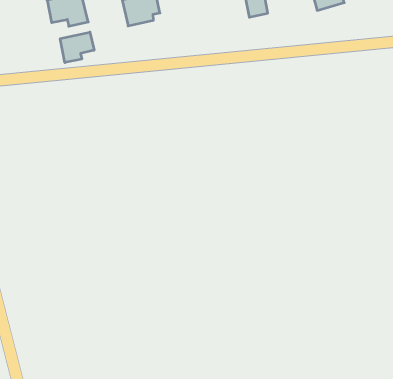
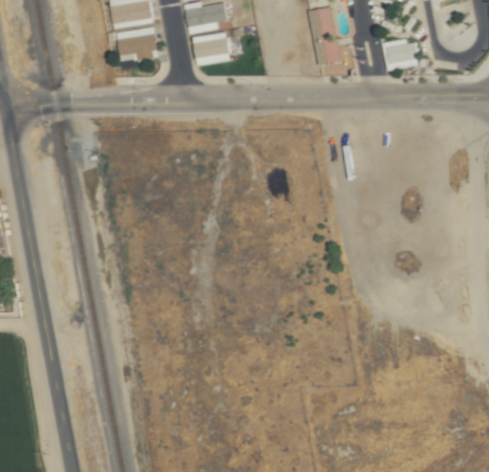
building: [60,32,94,63] -> none

